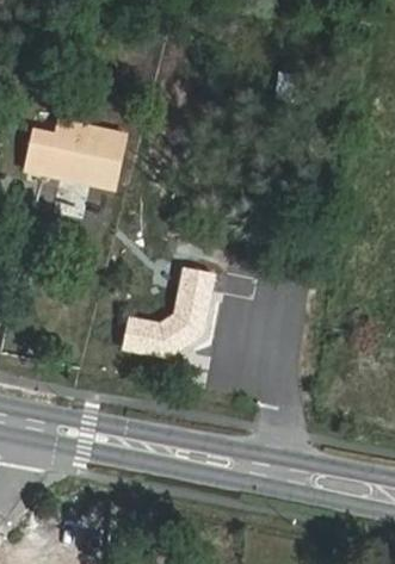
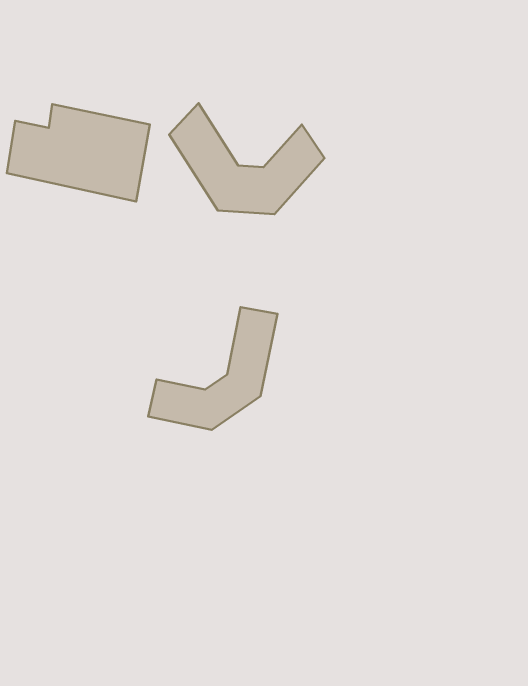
building: none -> [169,103,324,214]

